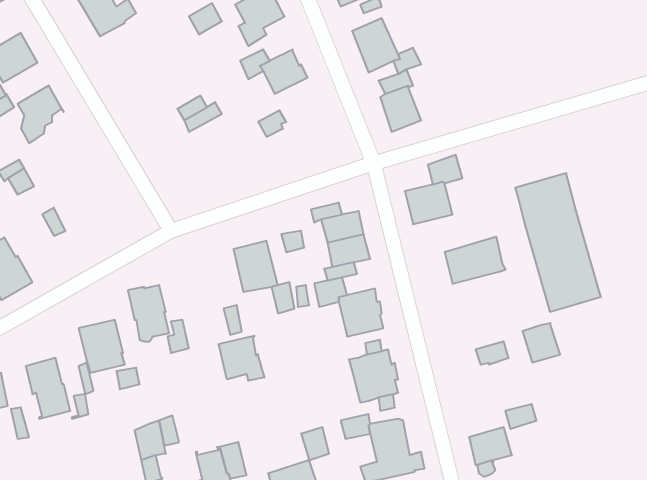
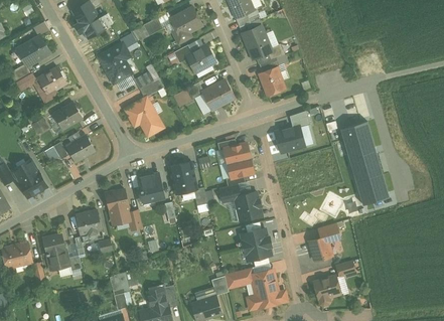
building: none -> [98,43,130,83]
building: none -> [201,81,234,110]
building: none -> [124,98,162,137]
building: none -> [52,103,82,130]
building: none -> [65,135,94,162]
building: [445,237,505,284] -> none
building: [522,323,560,363] -> [308,236,331,261]
building: [218,336,265,381] -> [136,173,164,200]

